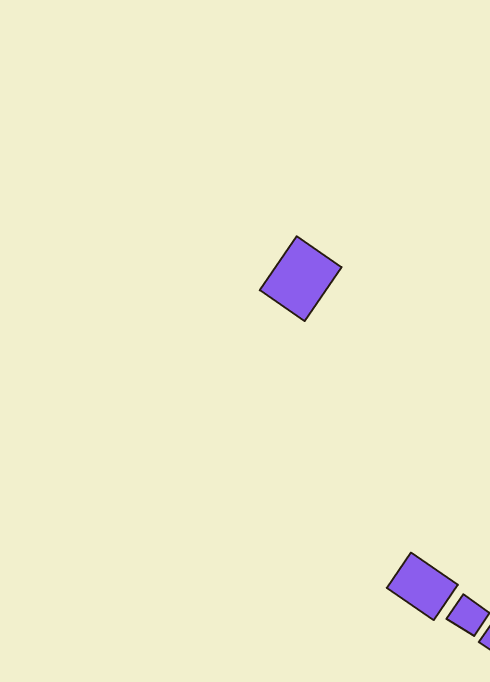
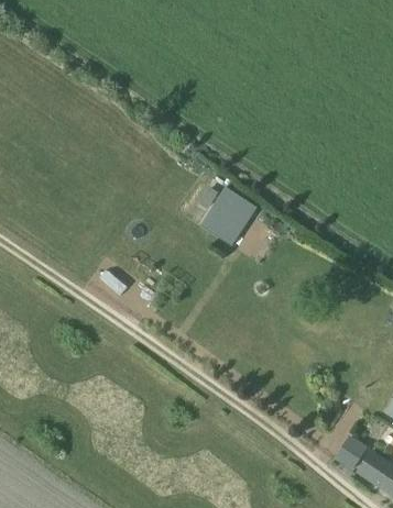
building: [387,553,458,620] -> none

